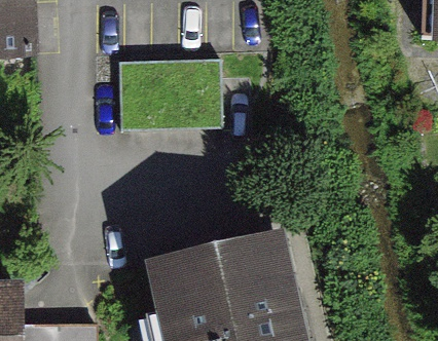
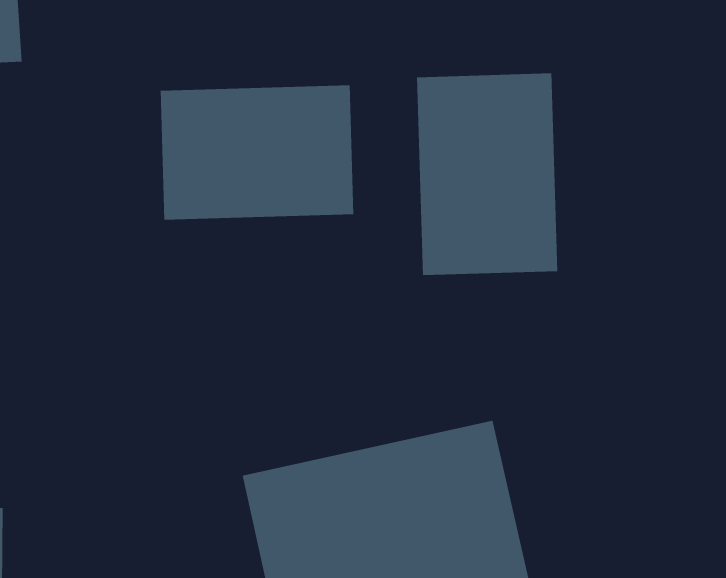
building: none -> [417,73,558,276]

